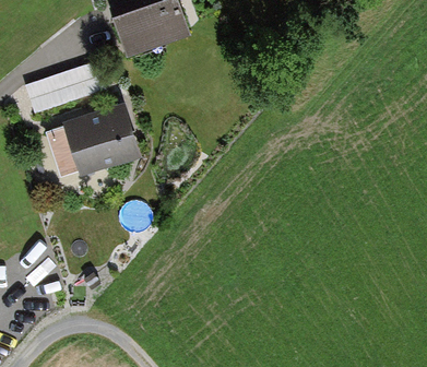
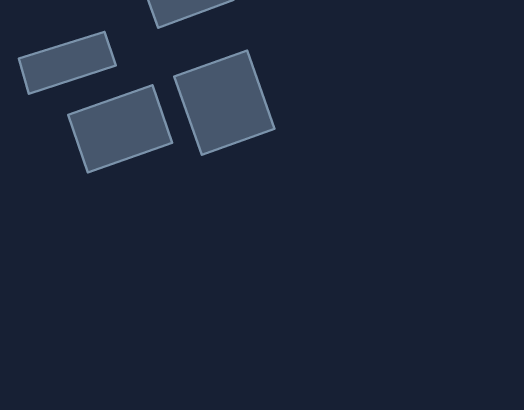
building: none -> [174,50,275,155]

